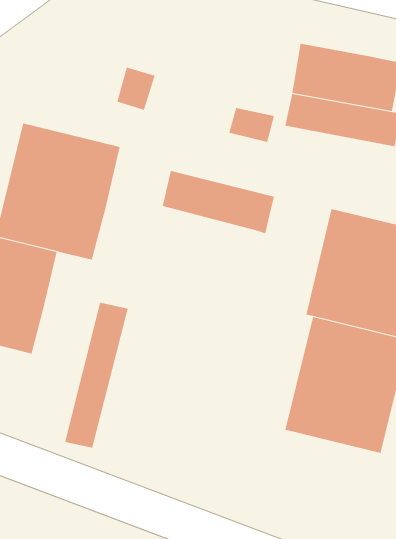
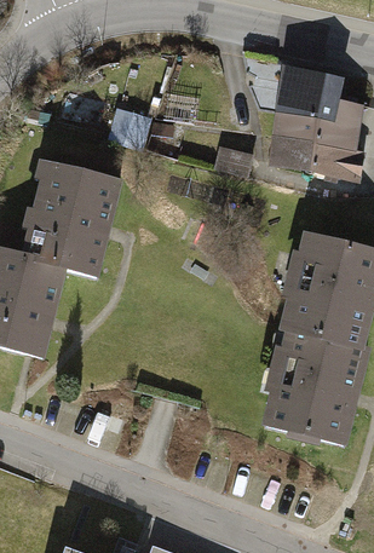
building: none -> [277,68,341,102]
building: [162,170,274,234] -> none
building: [65,302,129,448] -> none

